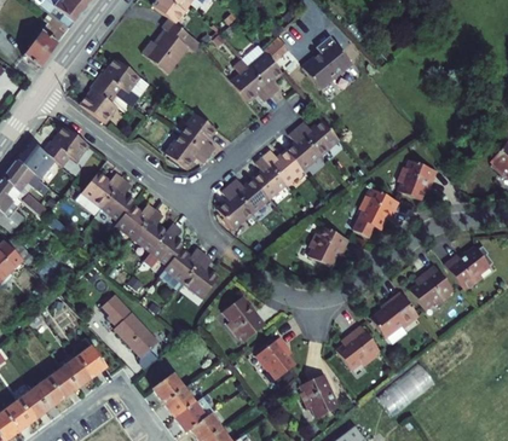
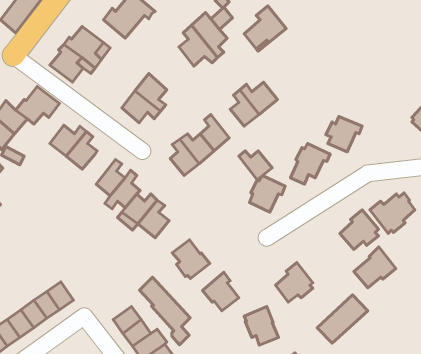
building: [262,151,300,184] -> [239,151,272,180]
building: [115,201,155,236] -> none
building: [370,290,417,336] -> [354,247,396,288]
building: [103,295,160,371] -> [140,277,190,345]

